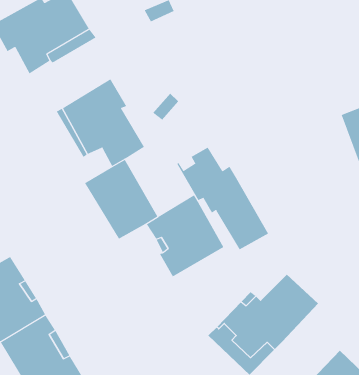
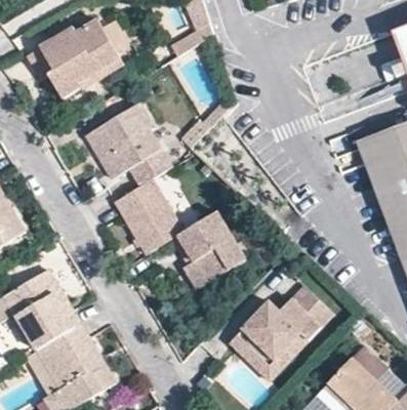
building: [177,147,269,250] -> none

